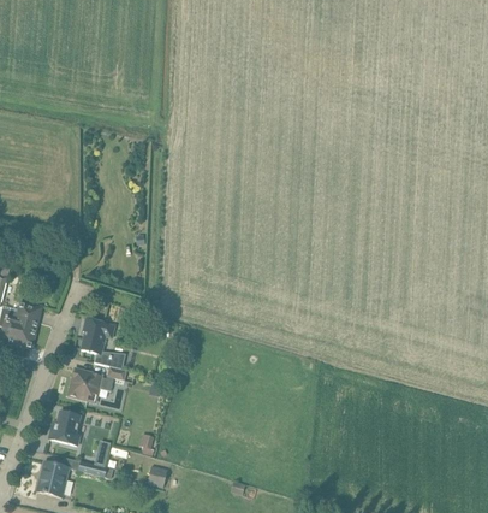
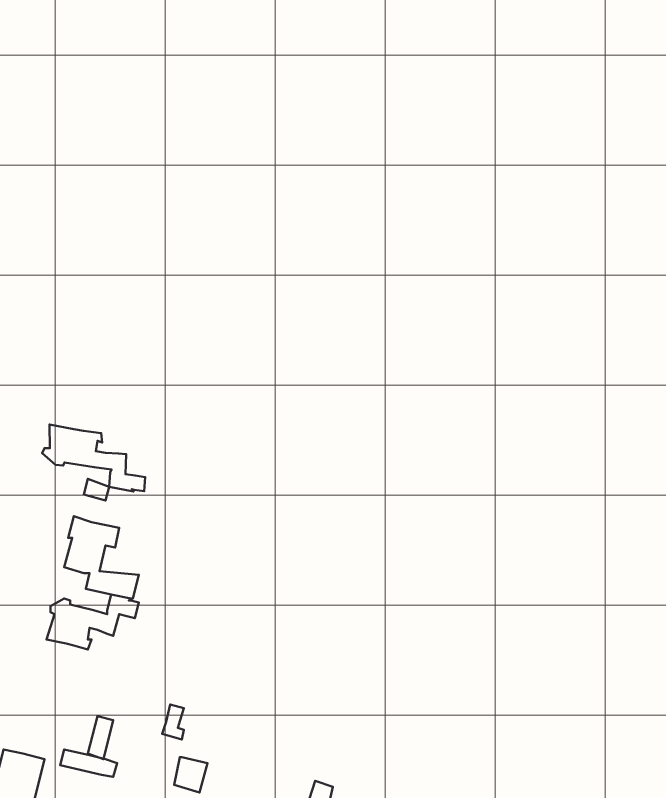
building: none -> [42,425,145,491]
building: [49,411,88,444] -> none

